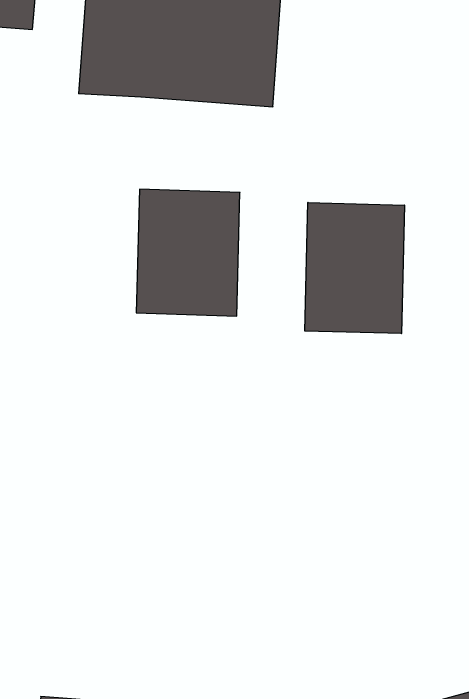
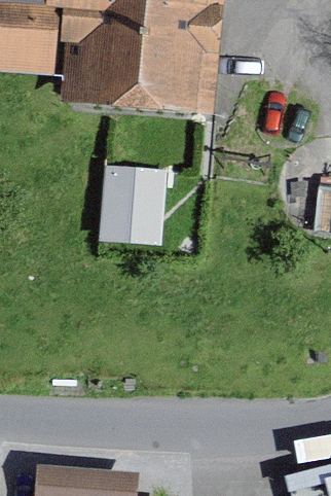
building: [305,202,404,334] -> none

